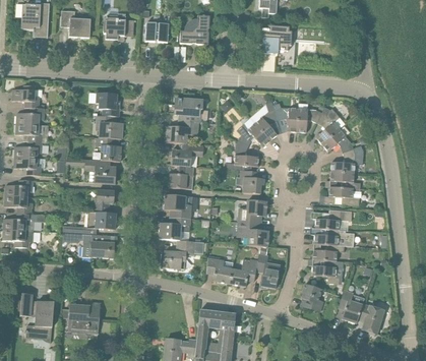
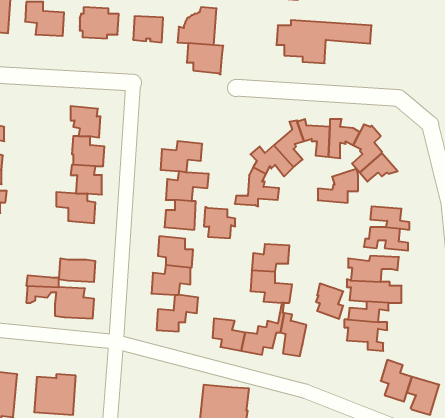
building: [174,99,202,123] -> [187,43,223,74]
building: [330,146,362,173] -> [318,169,358,203]
building: [239,170,263,194] -> [204,207,235,238]
building: [94,190,114,213] -> none
building: [301,284,322,311] -> [316,284,343,319]

